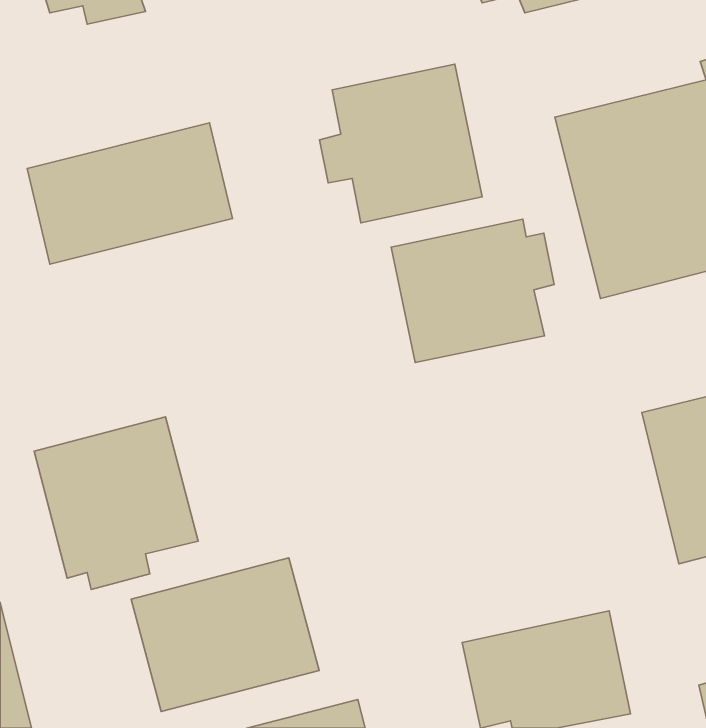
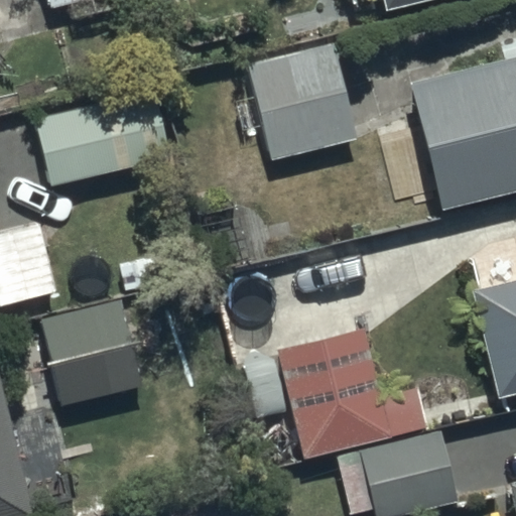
building: [391,219,554,362] -> none
building: none -> [248,326,438,472]
building: [131,558,319,712] -> none

